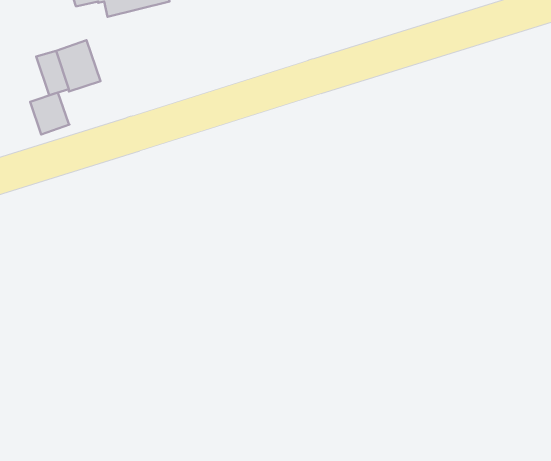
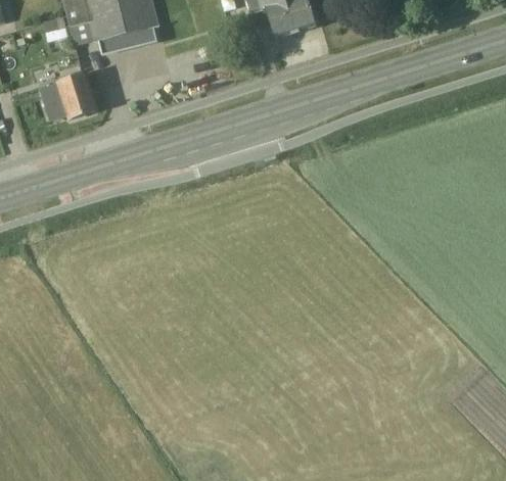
building: [30,93,70,134] -> none

